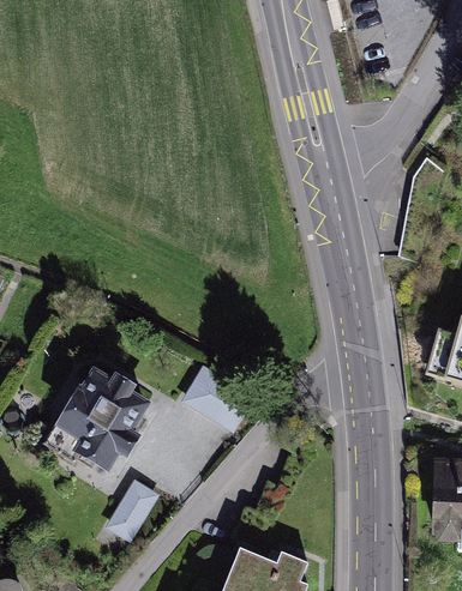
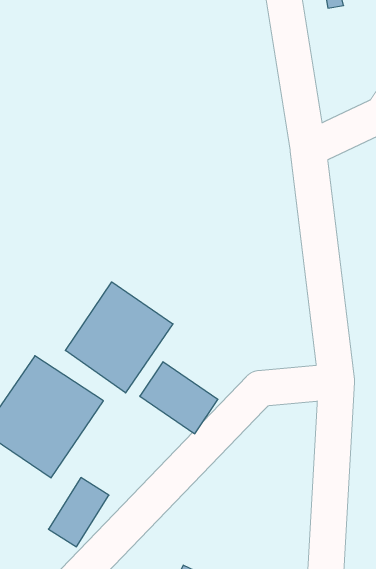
building: none -> [65,282,173,393]

